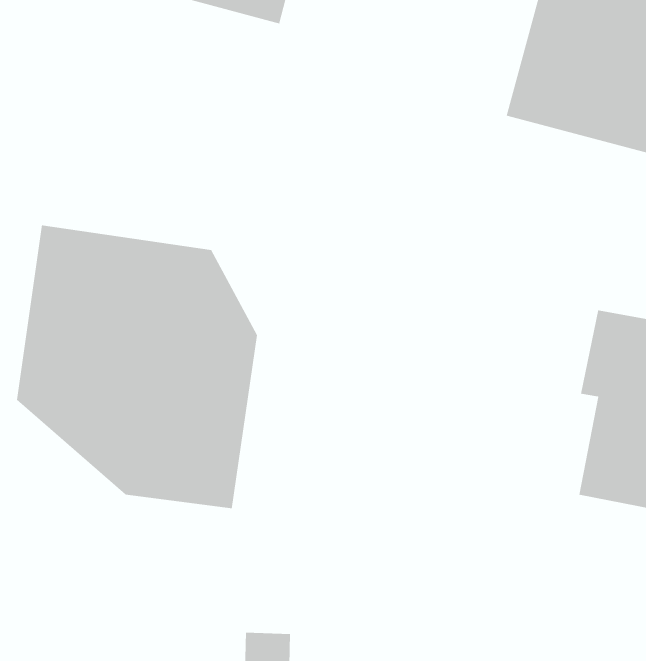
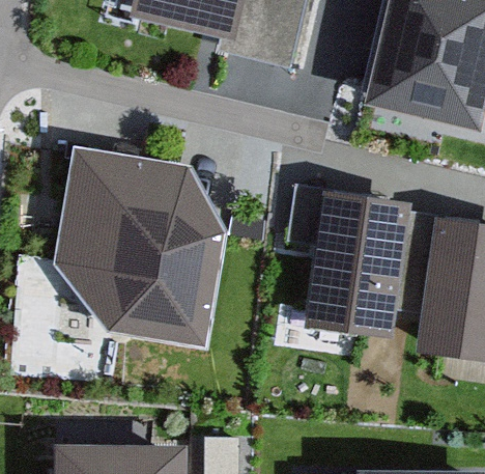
building: none -> [309,193,405,324]

